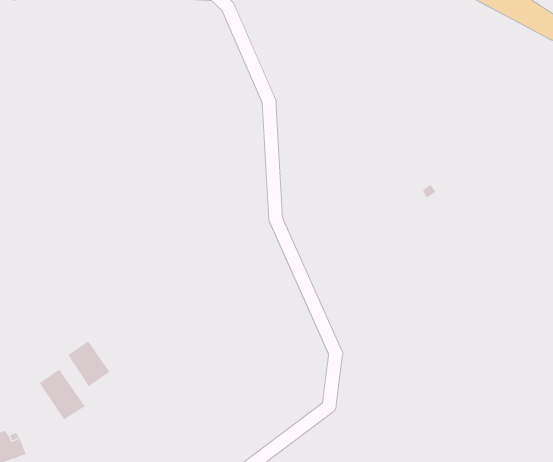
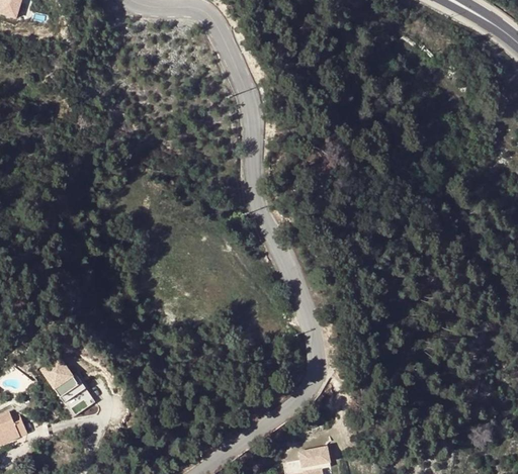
building: [67,340,110,387] -> none

